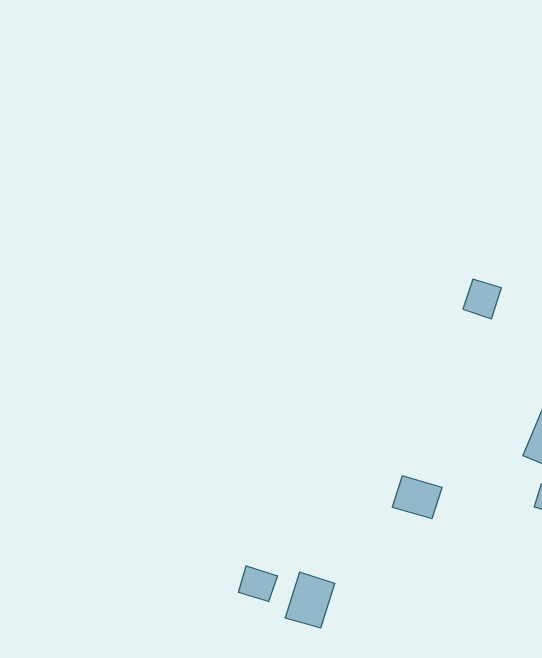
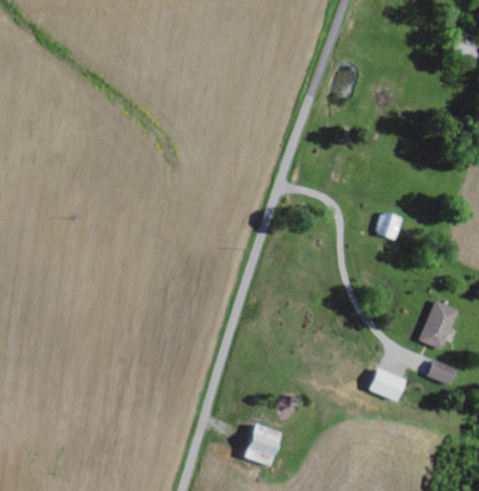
building: [392,476,442,519] -> [369,369,405,400]
building: [238,566,277,602] -> none

